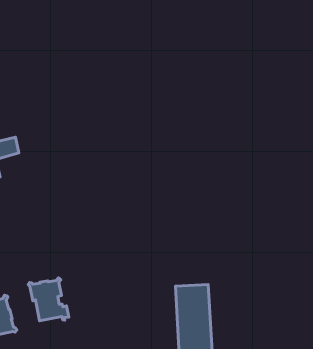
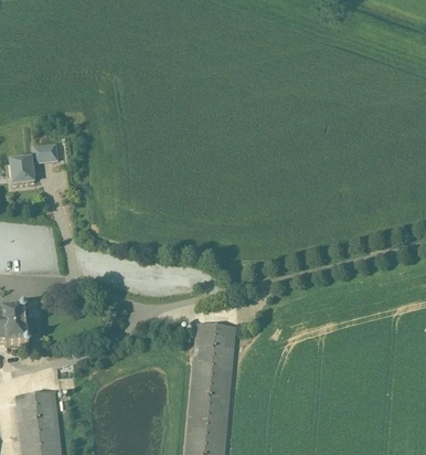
building: [28,278,69,321] -> none

